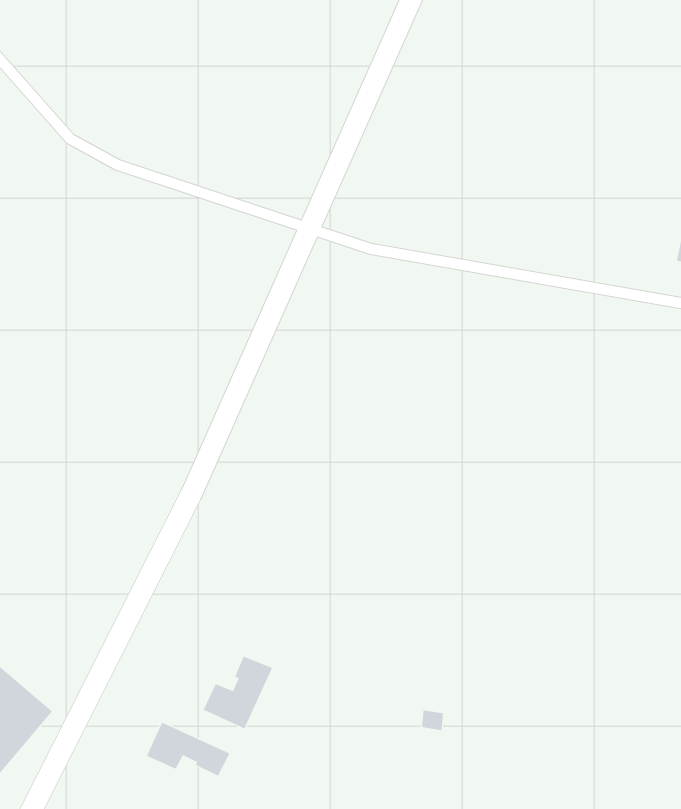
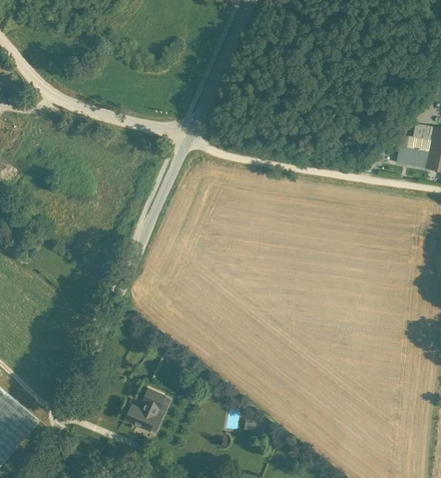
building: [146,722,230,776] -> none

